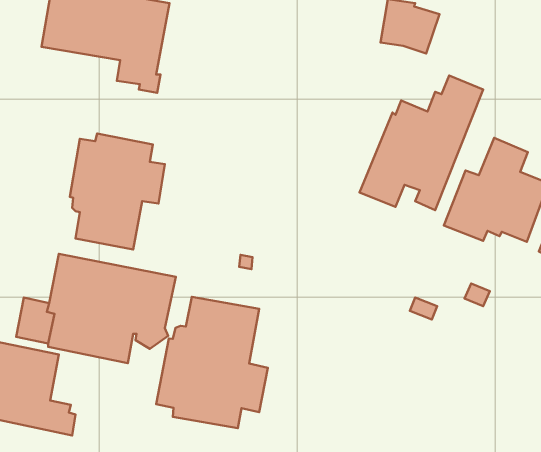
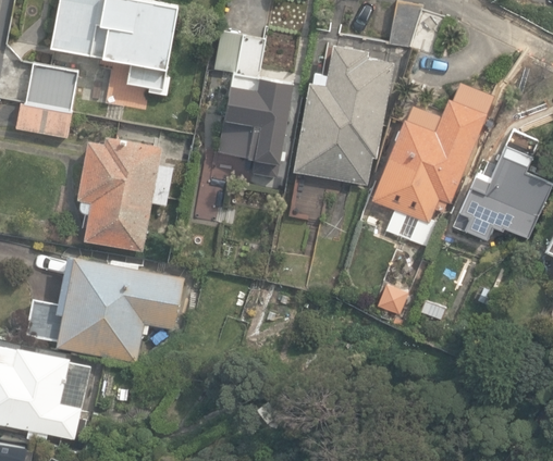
building: none -> [212,32,294,179]
building: none -> [295,47,394,186]
building: none -> [16,64,78,139]
building: [156,297,268,428] -> none

